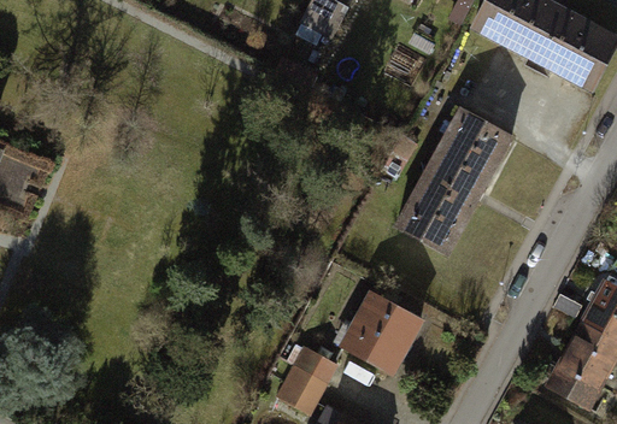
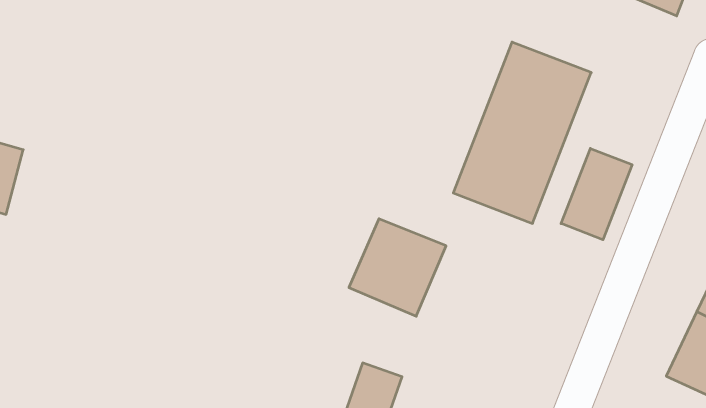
building: none -> [561,148,632,240]
building: [346,292,429,375] -> [349,219,446,316]

